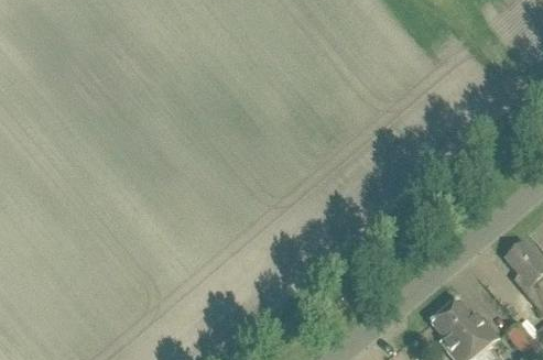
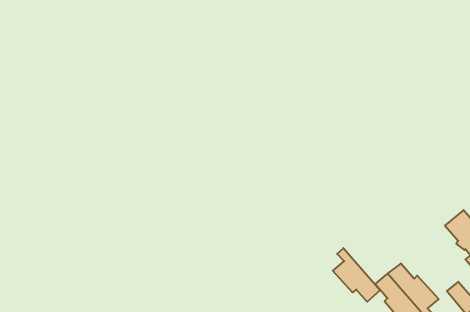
building: none -> [333,248,380,302]

